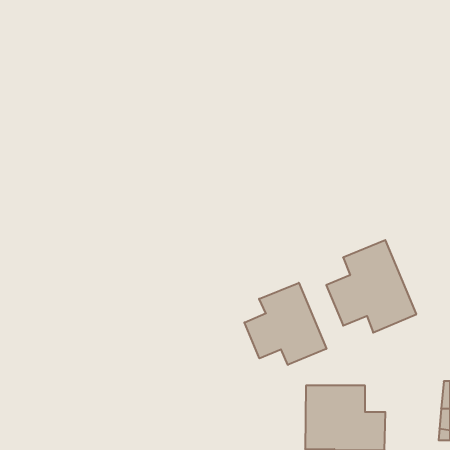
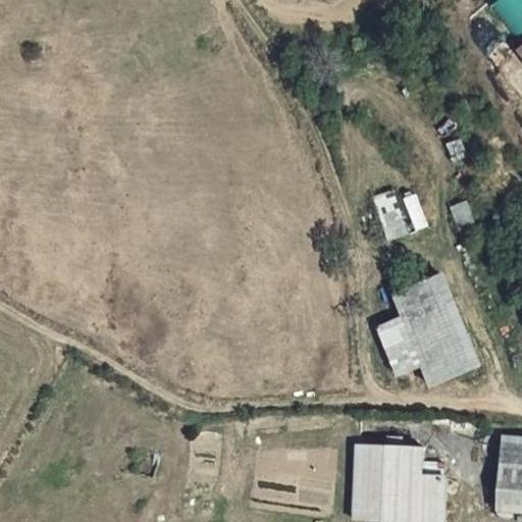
building: [244,283,326,365] -> none

